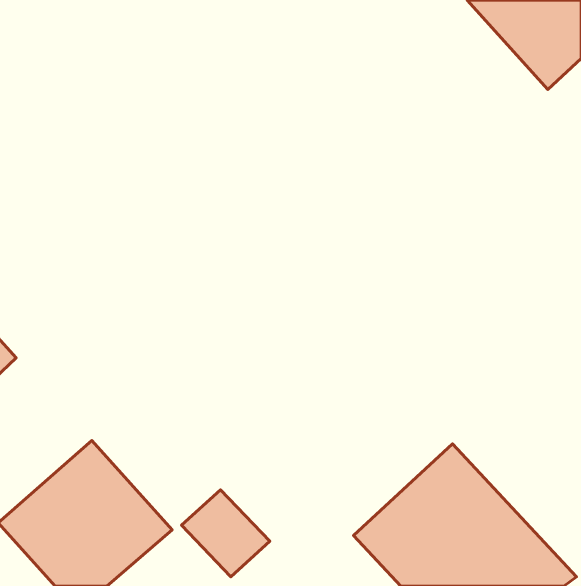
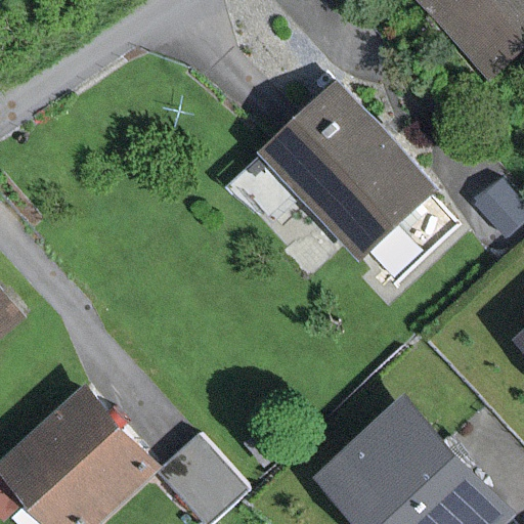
building: none -> [261,90,432,262]

